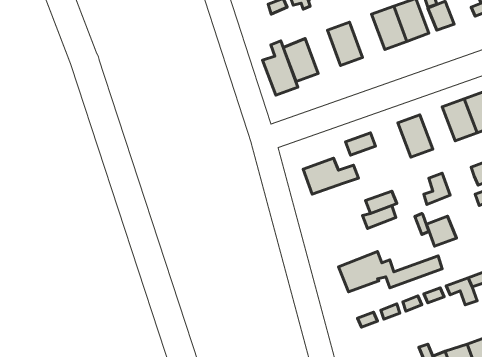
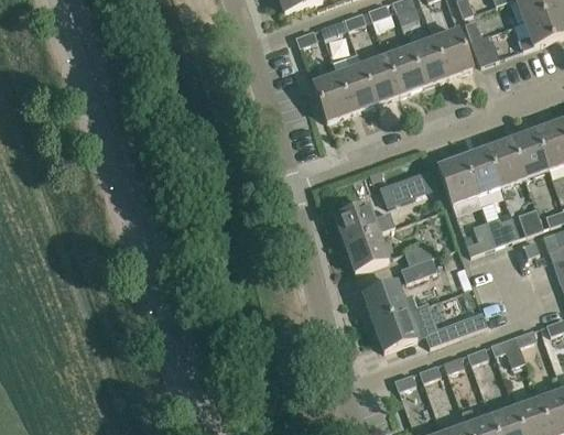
building: none -> [386,47,424,95]
building: [263,41,298,95] -> [337,53,376,112]
building: none -> [463,149,501,195]
building: none -> [345,232,389,272]
building: [426,216,457,246] -> [487,213,520,246]
building: none -> [364,283,416,324]

